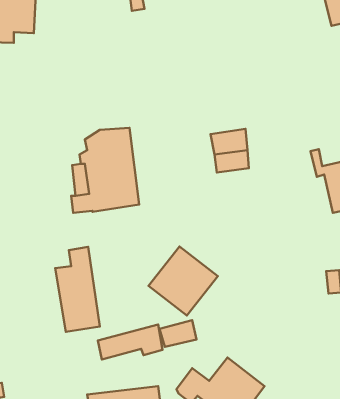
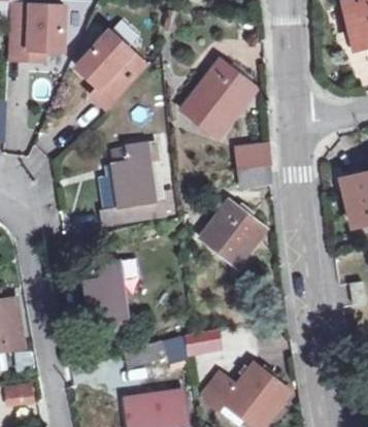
building: none -> [75,30,146,108]
building: none -> [180,59,255,137]
building: [149,246,218,315] -> [199,199,266,266]

